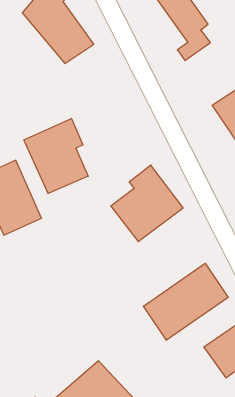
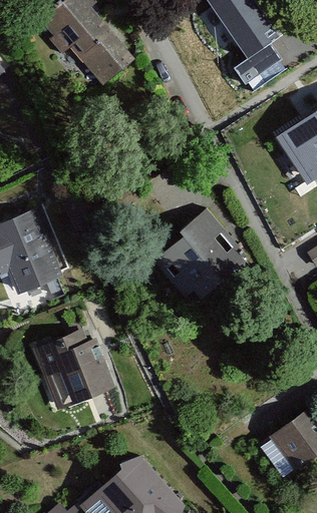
building: [24,118,88,194] -> none
building: none -> [32,327,116,412]
building: [143,263,228,340] -> none

